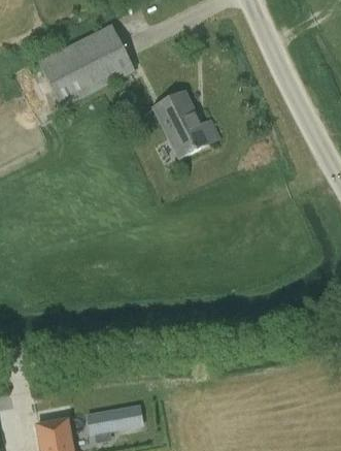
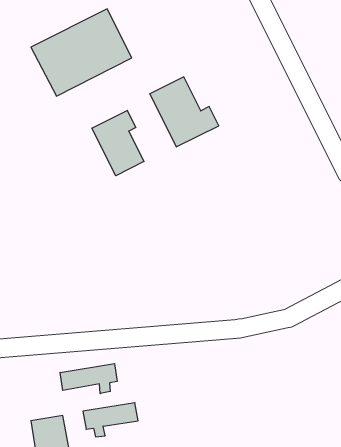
building: none -> [92,110,144,176]
building: none -> [60,364,117,394]

